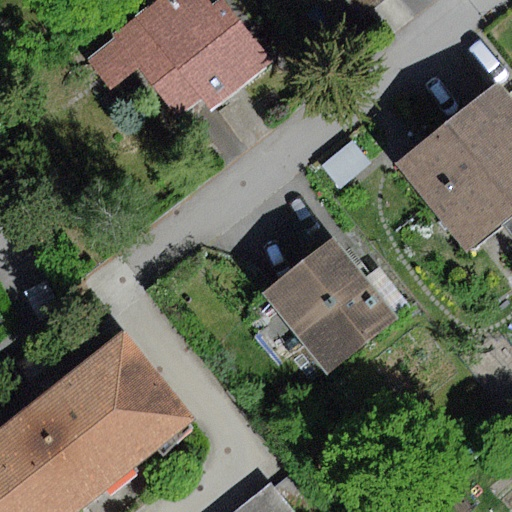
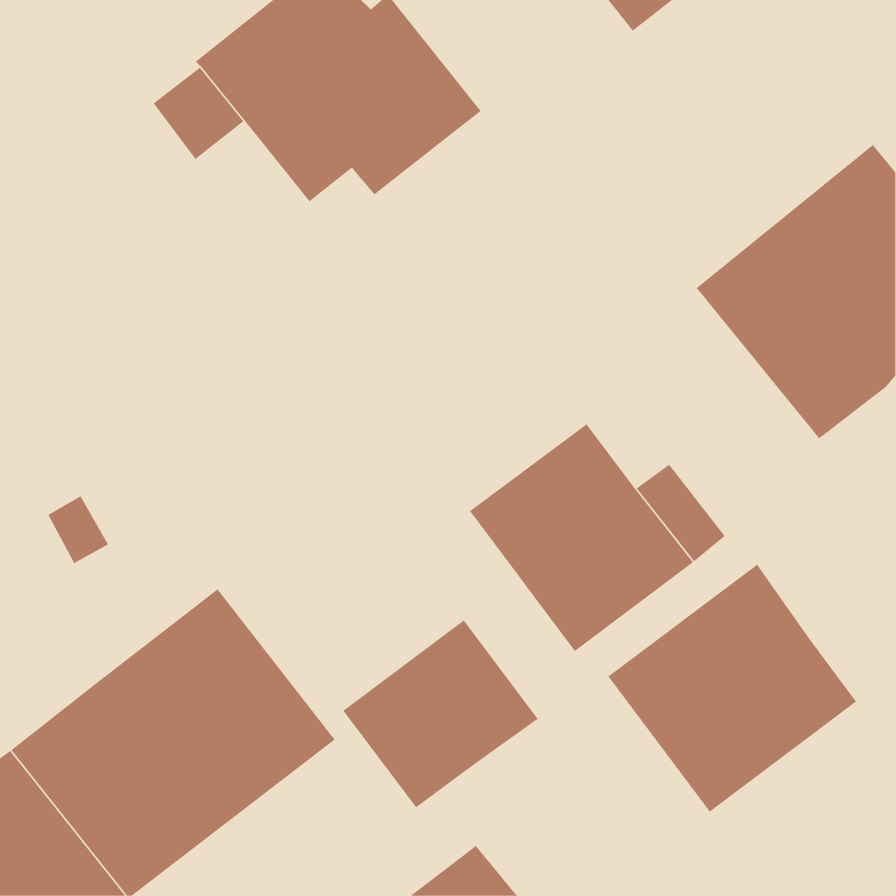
building: none -> [608,564,857,812]
building: none -> [342,619,539,808]

